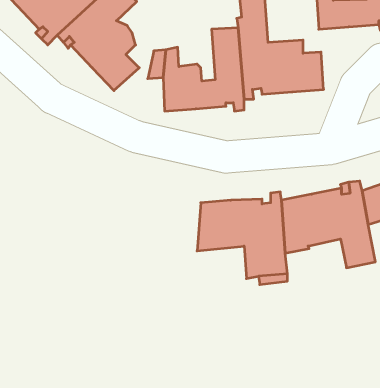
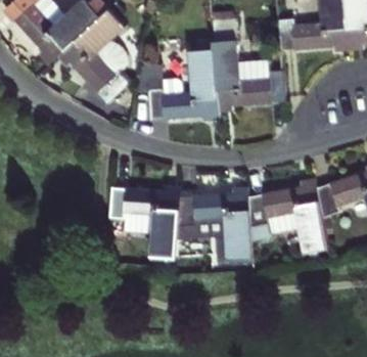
building: none -> [109,188,181,259]

